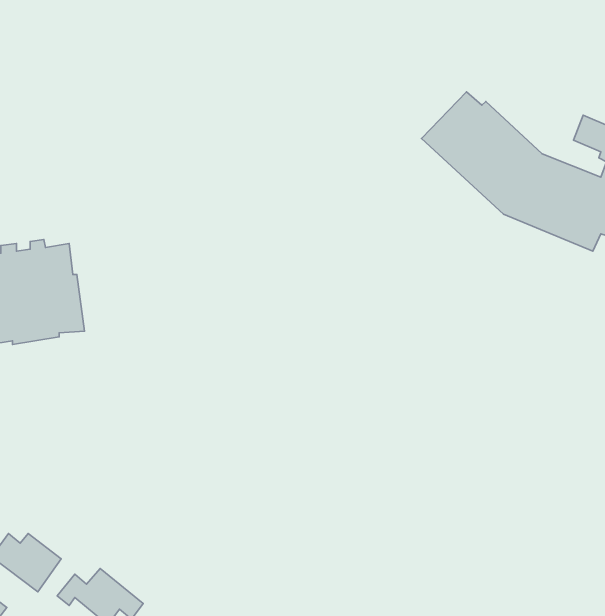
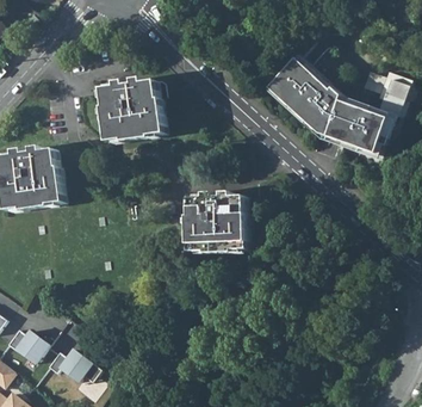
building: none -> [103,80,165,143]
building: none -> [191,195,249,255]

